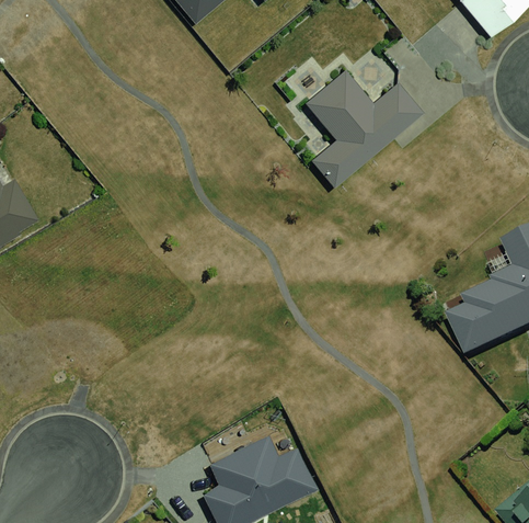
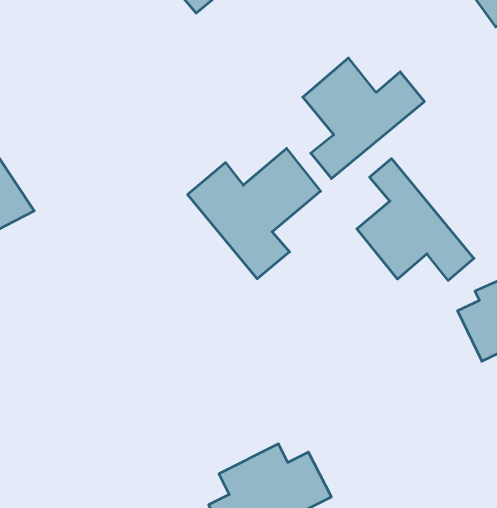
building: none -> [188,148,321,279]
building: none -> [357,159,474,280]

